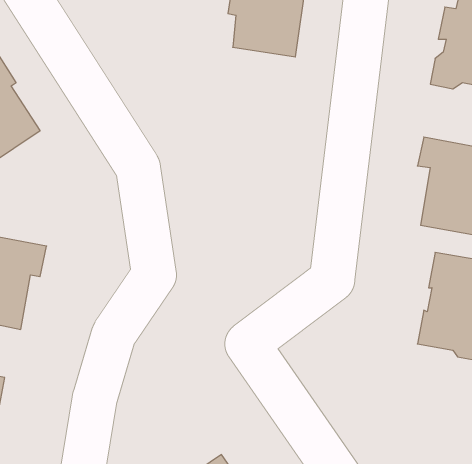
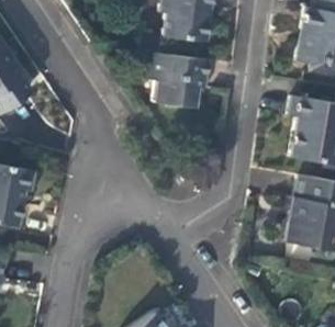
building: none -> [142,50,209,106]

